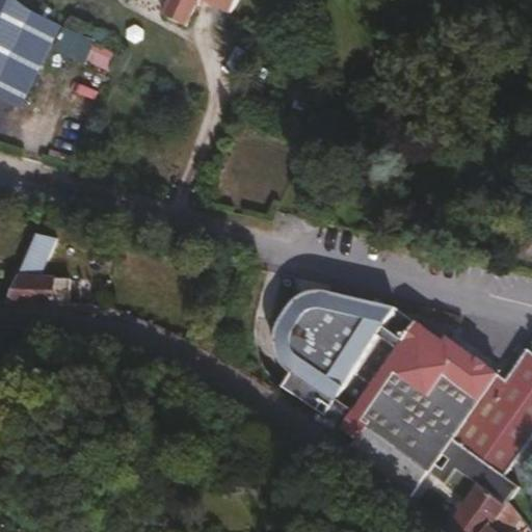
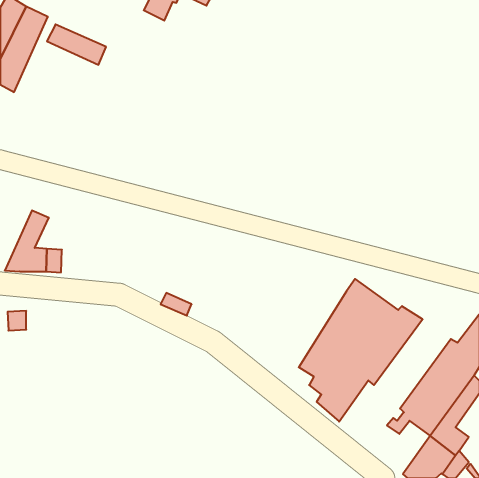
building: [274,290,384,415] -> none
building: [376,353,500,494] -> none

